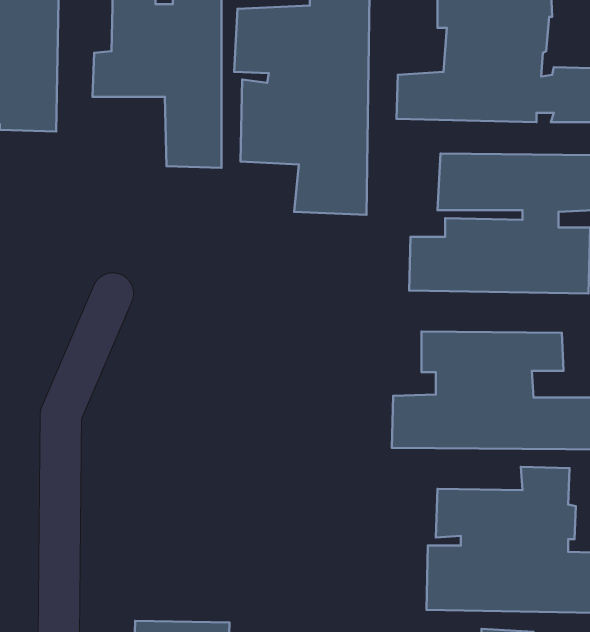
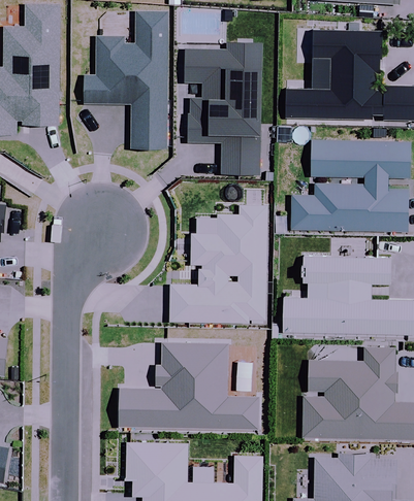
building: none -> [169,205,267,323]
building: none -> [118,341,259,430]

